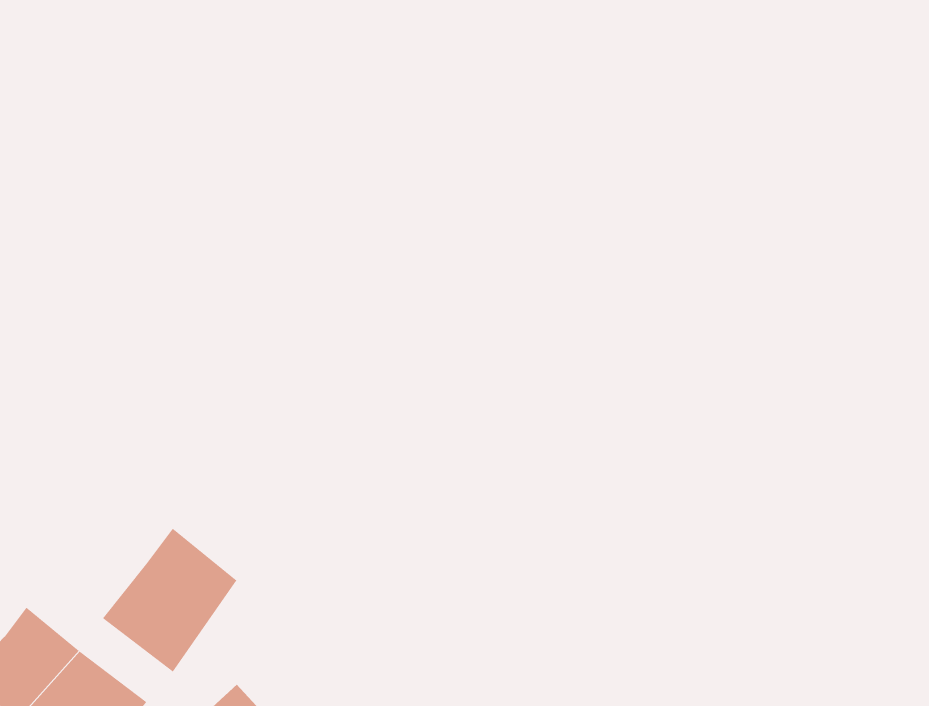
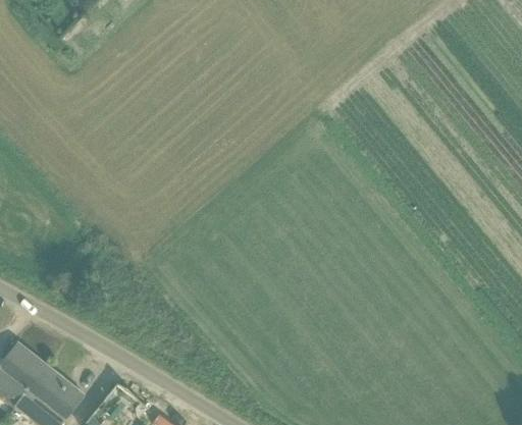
building: [102,528,237,672] -> none

